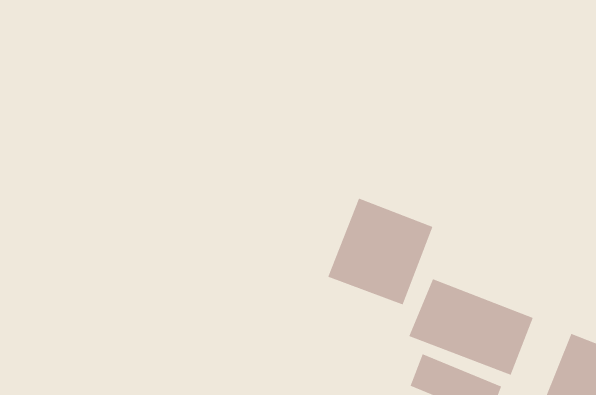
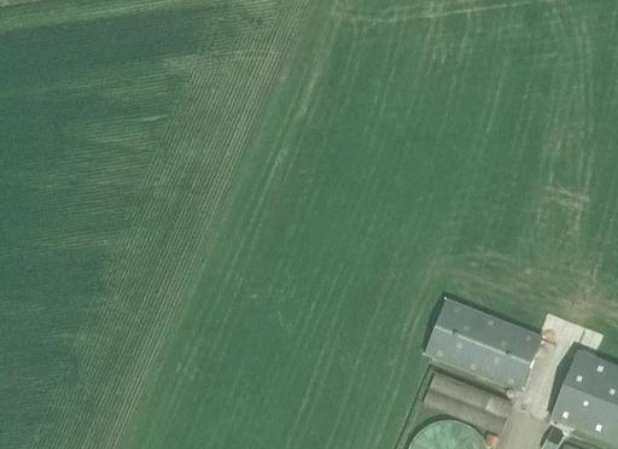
building: [327,198,434,305] -> none

